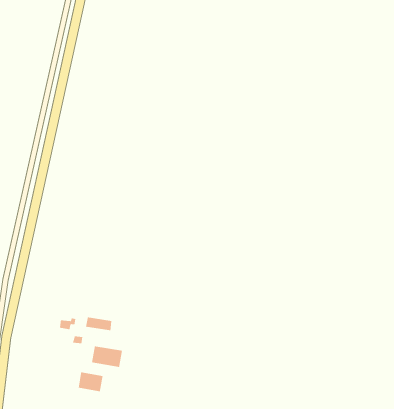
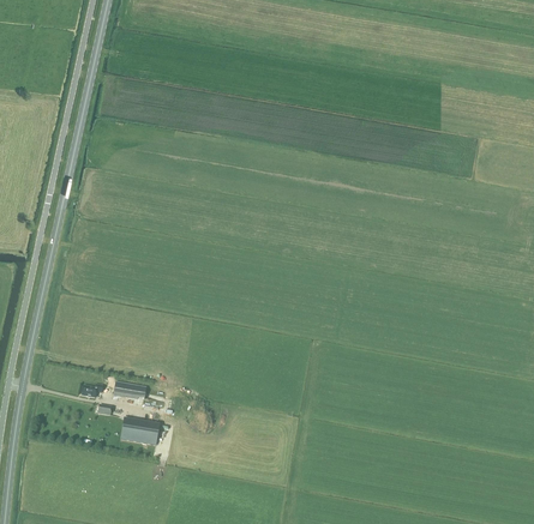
building: [78,372,103,392] -> none

